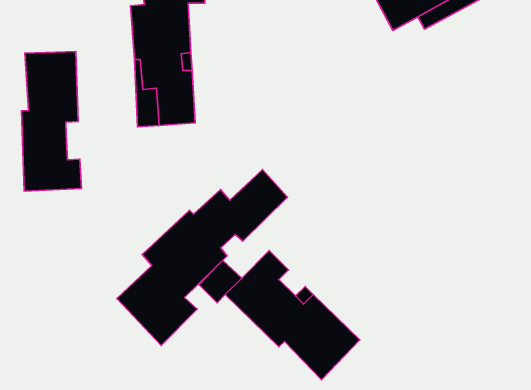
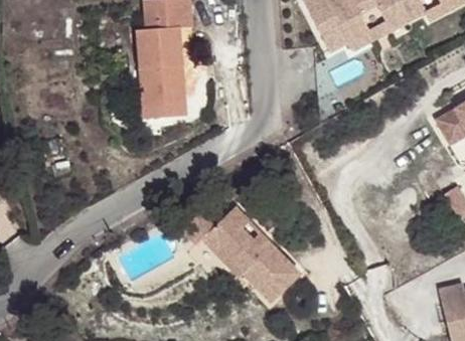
building: [21,52,81,191] -> none
building: [117,170,288,346] -> none

